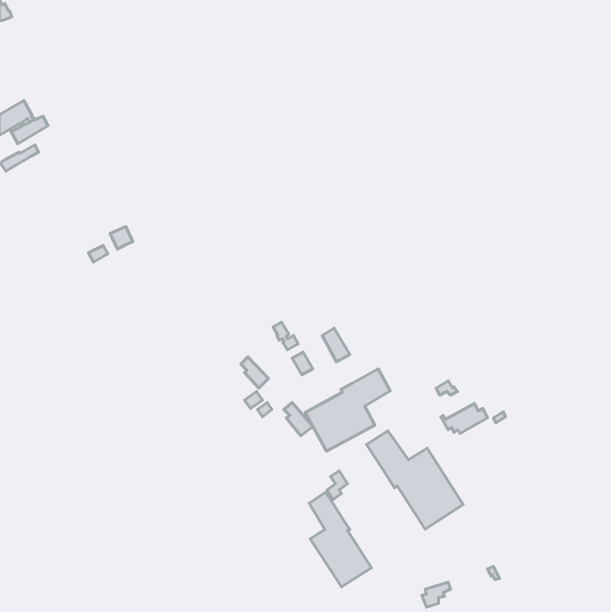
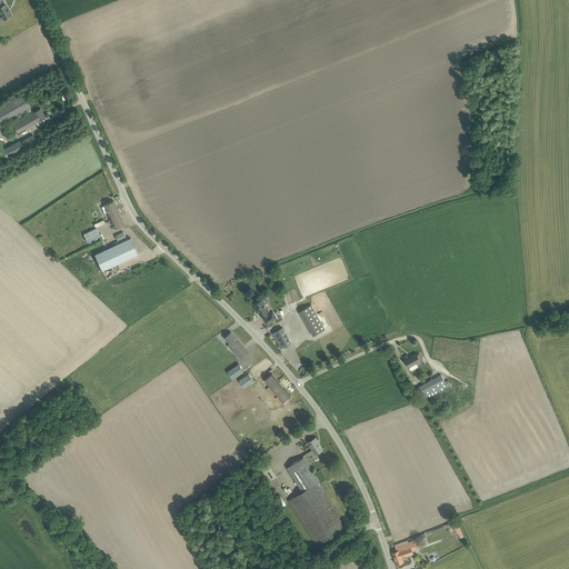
building: none -> [93,238,137,270]
building: [305,369,390,451] -> none
building: [366,431,463,529] -> none

